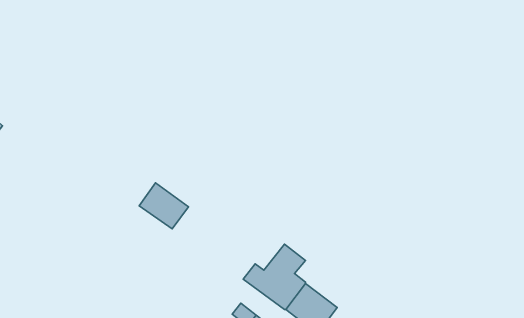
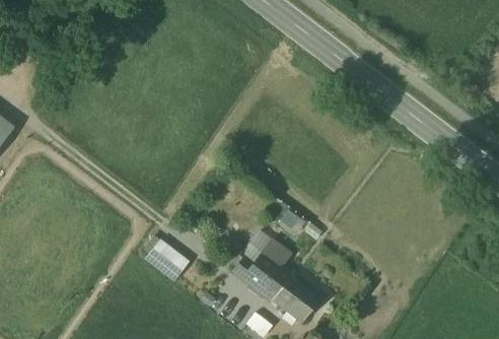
building: [139,183,188,229] -> [143,236,189,279]

